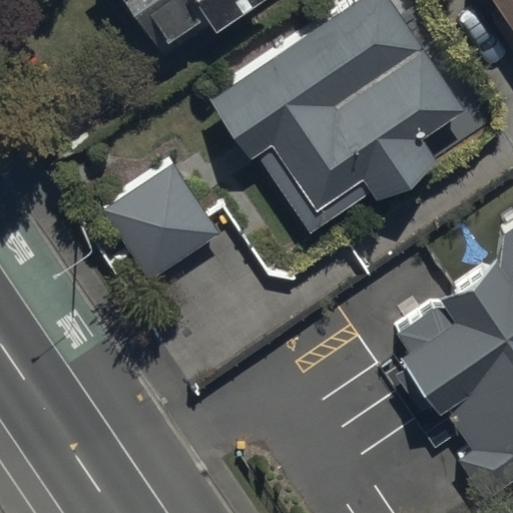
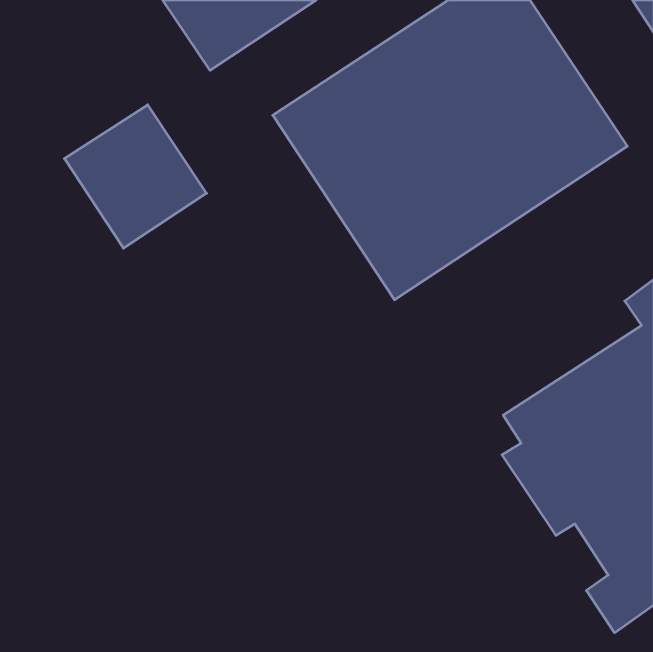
building: [105,166,216,279] -> [64,105,207,248]

